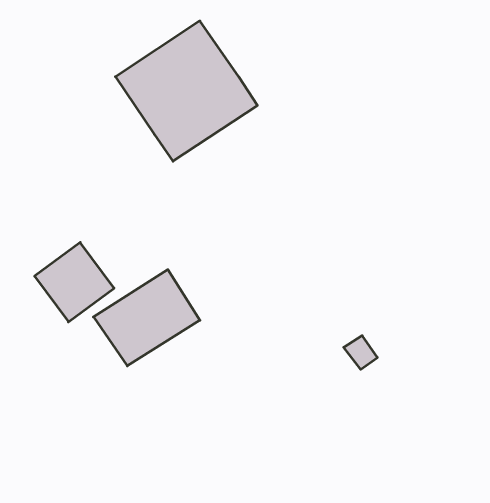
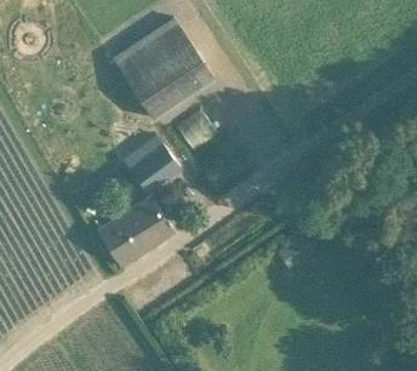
building: [35,242,114,322] -> [125,137,182,194]

